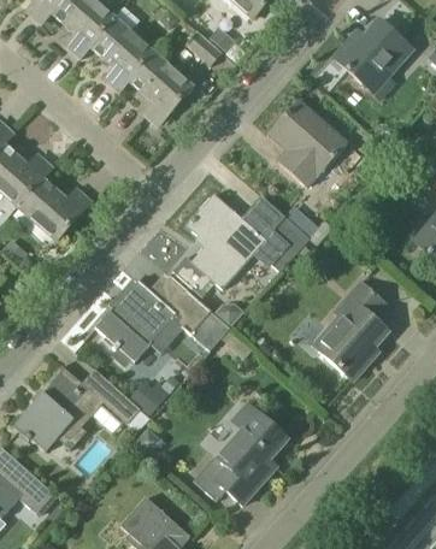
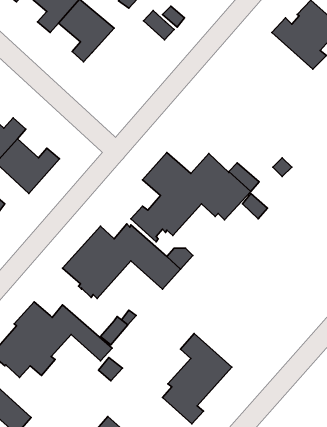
building: [128,52,192,125] -> none
building: [266,99,347,187] -> none
building: [307,279,388,380] -> none

